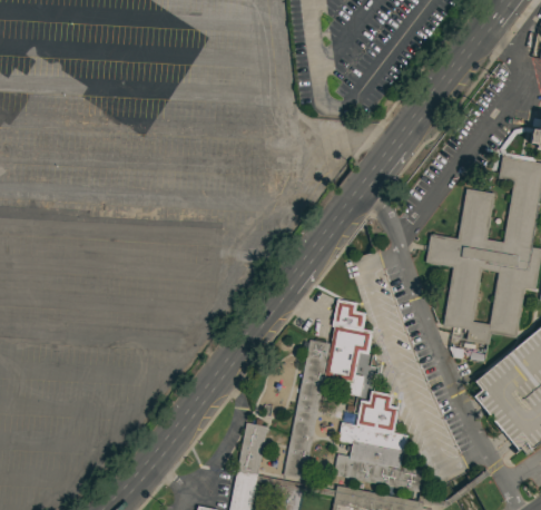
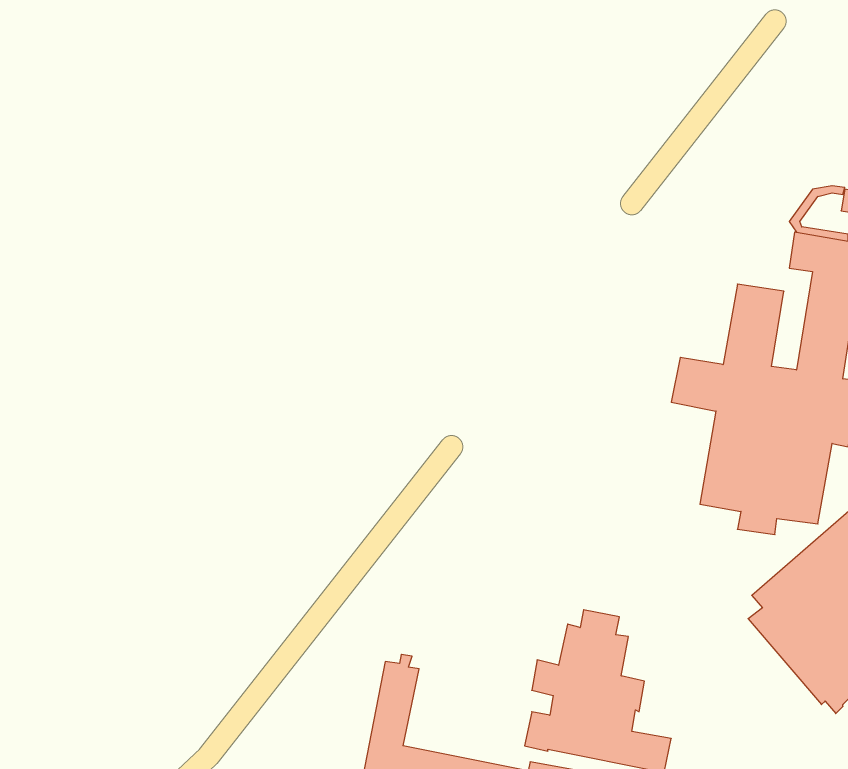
building: [284,300,373,480] -> none

